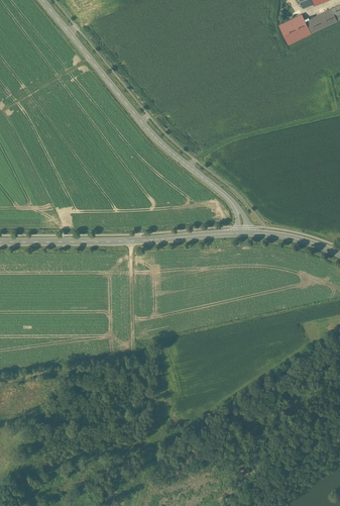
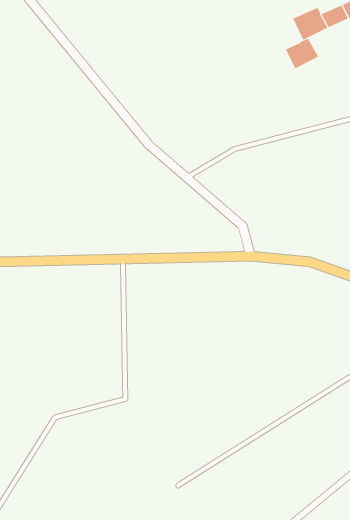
building: none -> [285,38,319,69]

